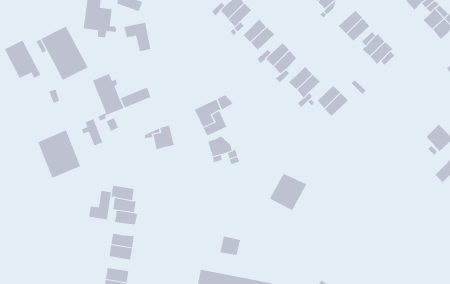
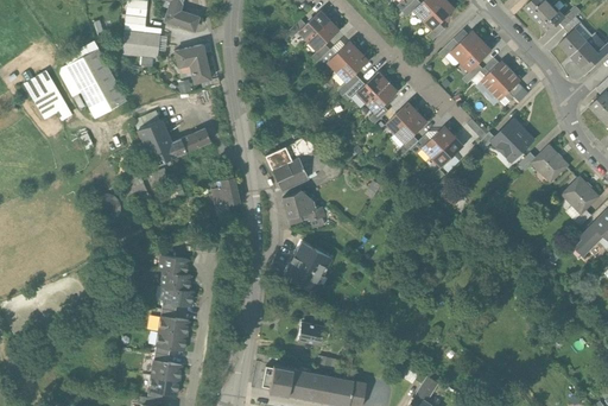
building: none -> [492,120,533,160]
building: none -> [532,145,568,180]
building: [37,130,81,179] -> none
building: [269,173,307,211] -> [284,243,332,292]
building: [88,190,111,220] -> none

